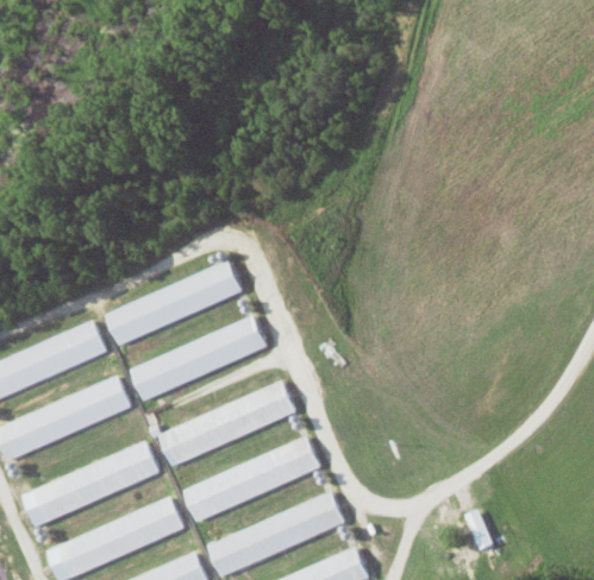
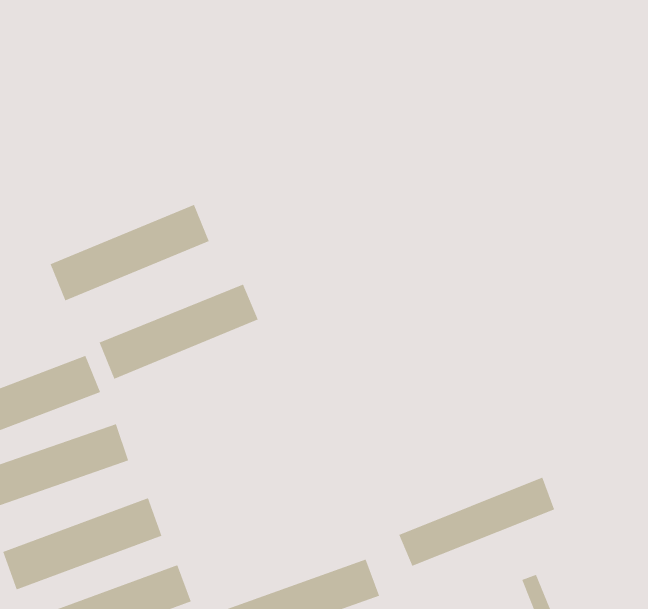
building: [130,316,267,399] -> [49,204,210,301]
building: [158,384,295,462] -> none
building: none -> [398,477,555,567]
building: [183,437,320,521] -> none

